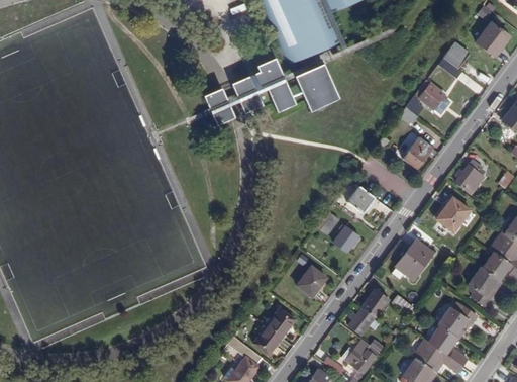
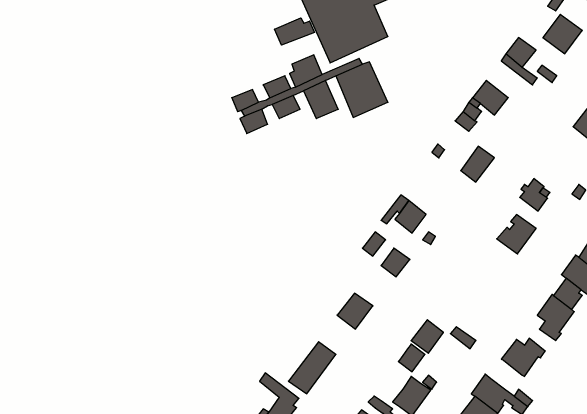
building: none -> [275,18,314,45]
building: [396,240,433,280] -> none
building: [430,324,457,351] -> none

